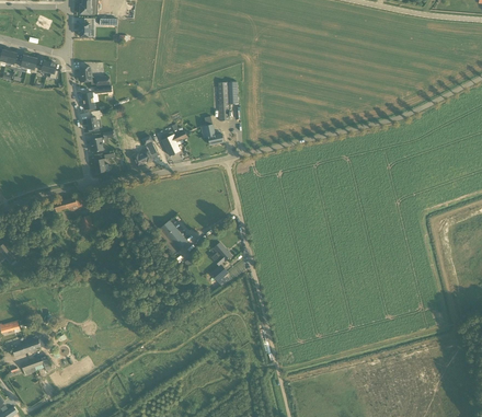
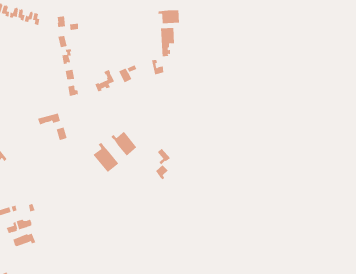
building: none -> [158,9,179,24]
building: none -> [92,141,119,173]

